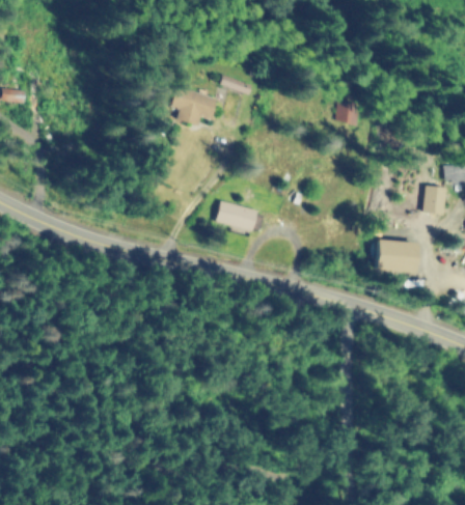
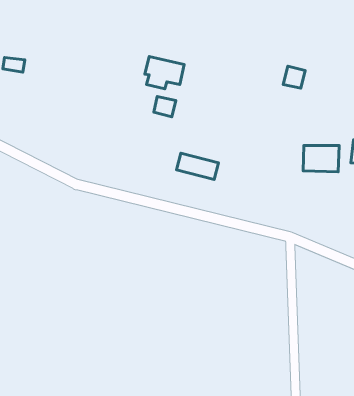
building: none -> [154,96,176,117]
building: [368,241,411,272] -> [303,145,339,172]

